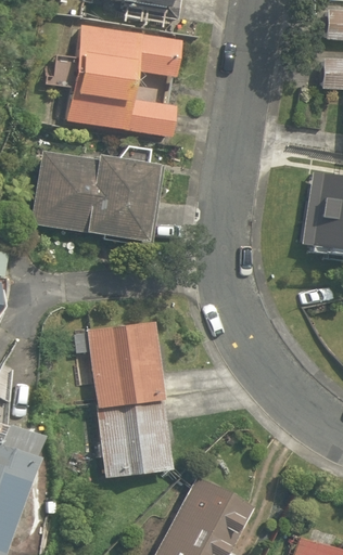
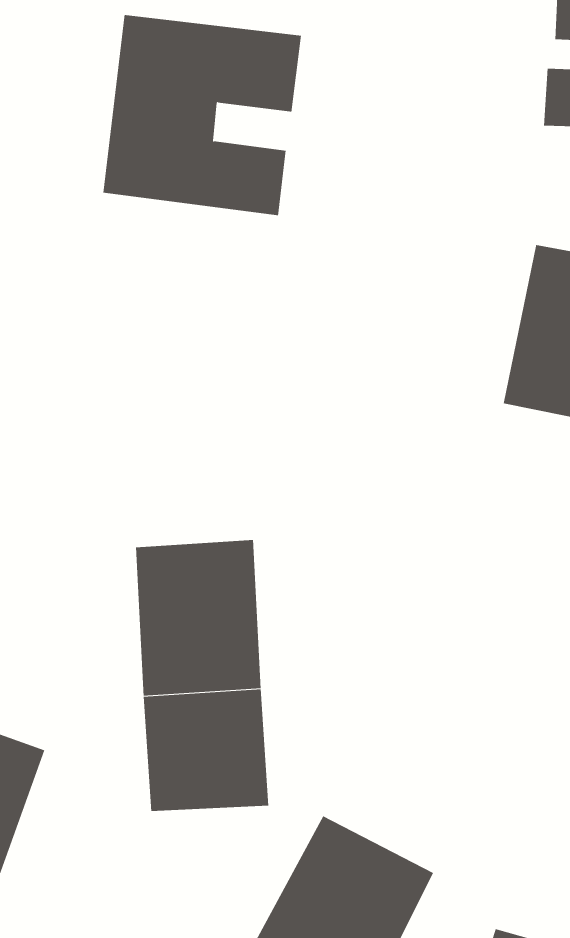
building: [34,143,175,245] -> none

